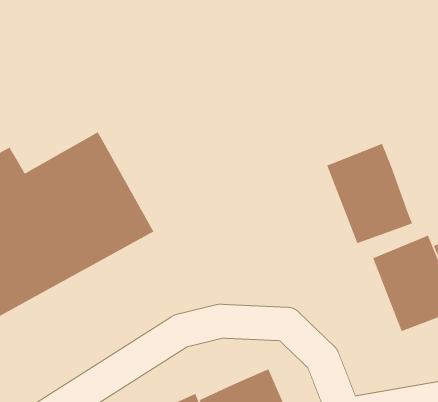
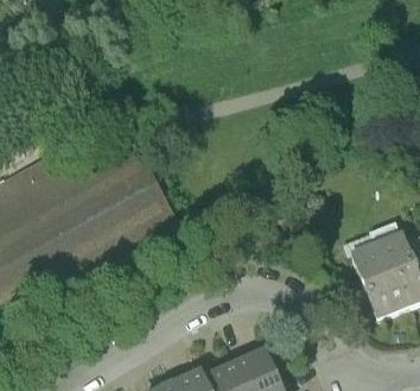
building: [326,143,413,244] -> none

